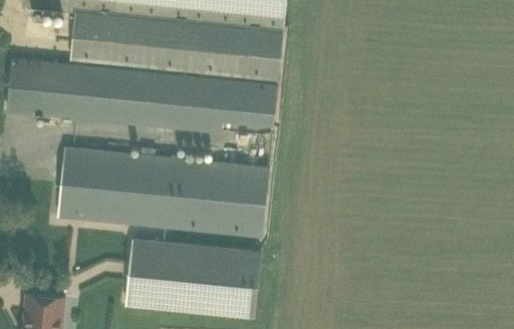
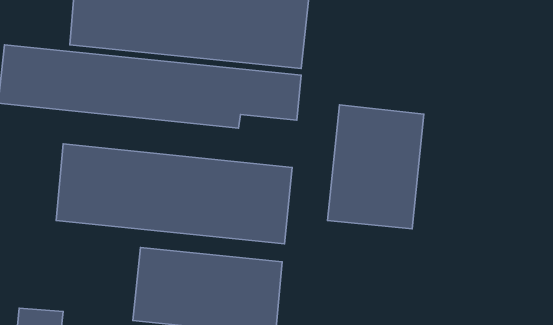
building: none -> [328,105,424,229]

